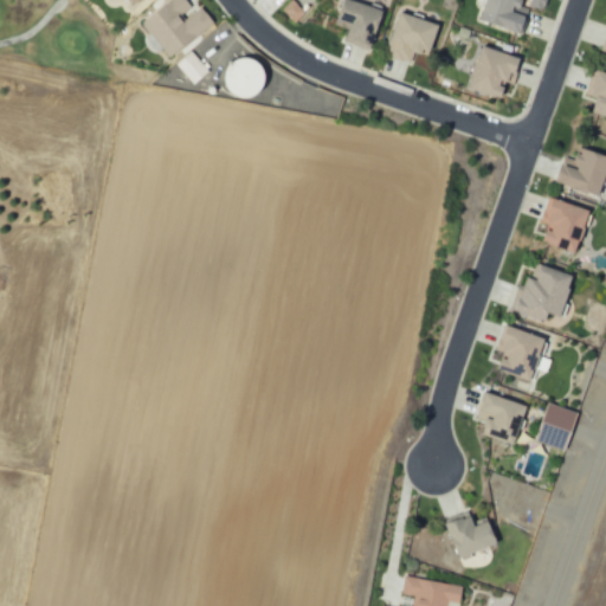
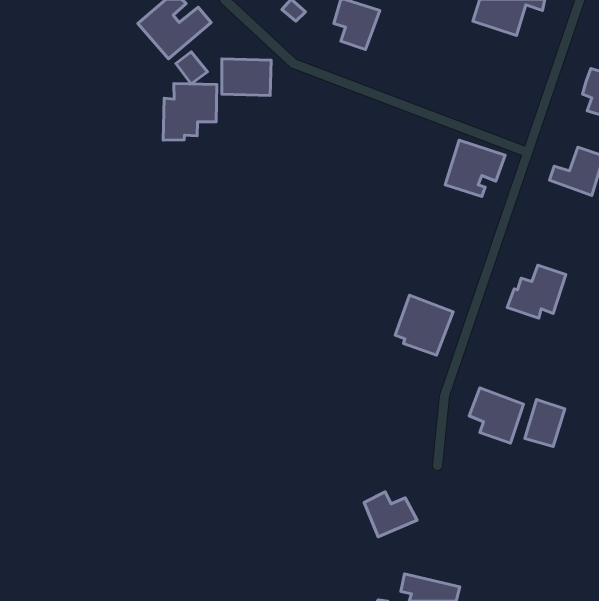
building: [387,14,438,63] -> none
building: [466,45,527,102] -> [445,140,505,197]
building: none -> [163,83,217,140]
building: [542,199,589,251] -> none
building: [490,321,548,381] -> [395,295,453,355]
building: [447,514,501,559] -> [364,492,417,537]

